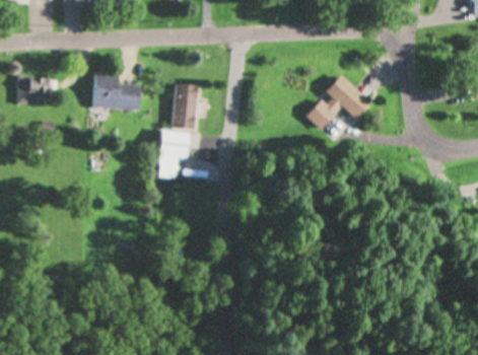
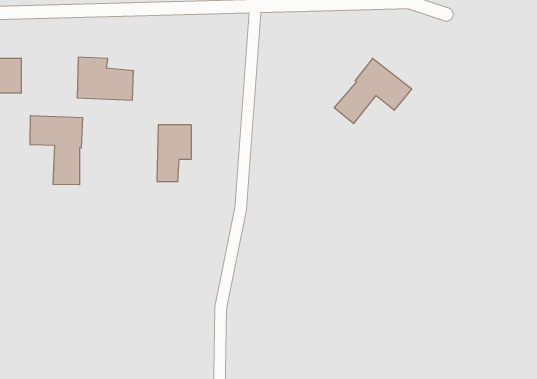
building: [173,84,198,131] -> none
building: none -> [30,115,83,185]

